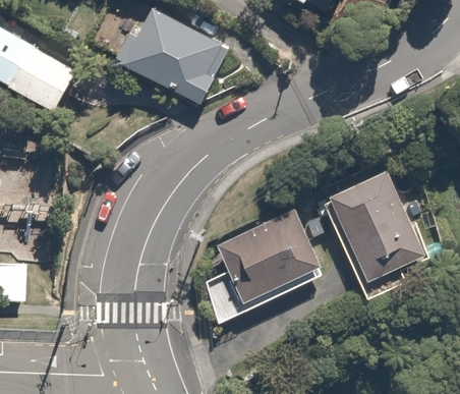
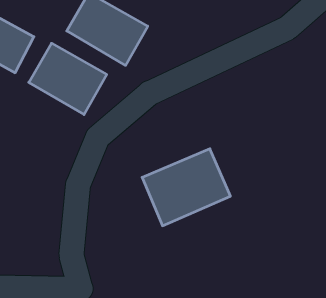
building: none -> [29,43,107,115]
building: [329,175,426,284] -> none

